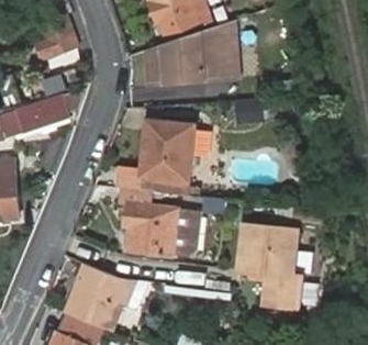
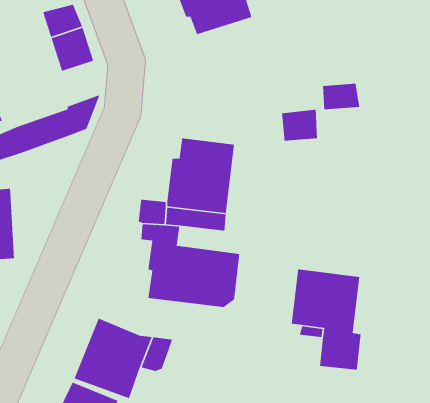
building: [145,20,235,82] -> none

